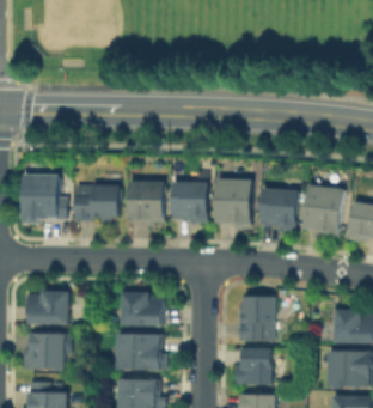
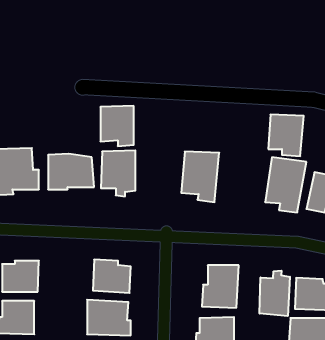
building: [172,182,207,224] -> [100,106,134,146]
building: [262,188,299,231] -> [268,115,304,156]
building: none -> [260,271,290,316]

